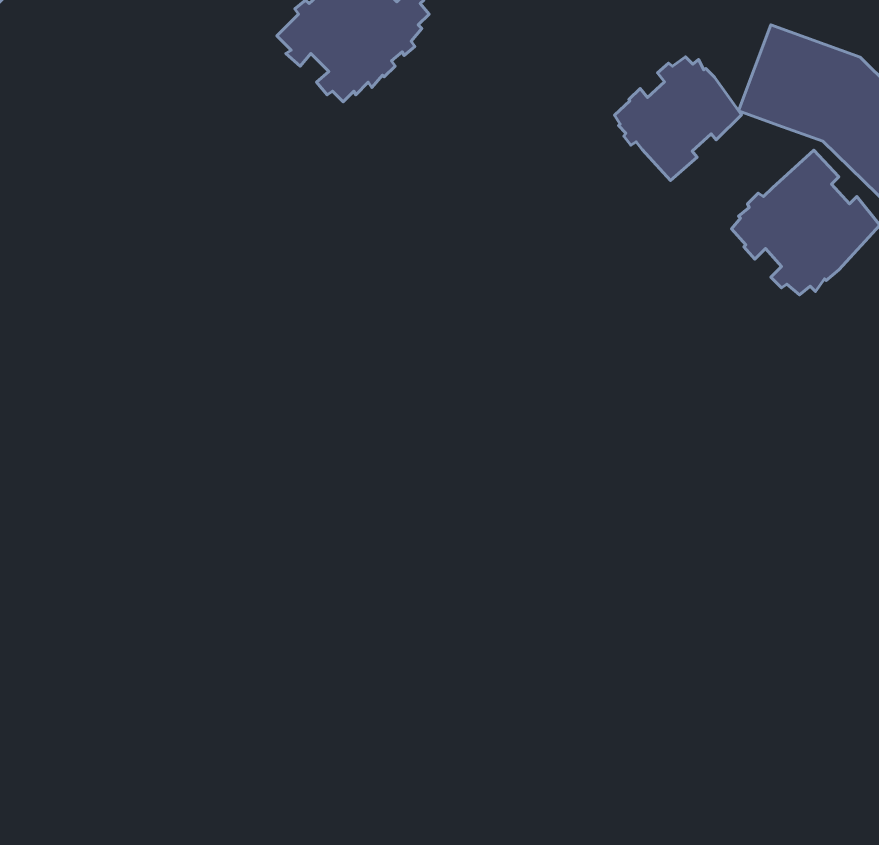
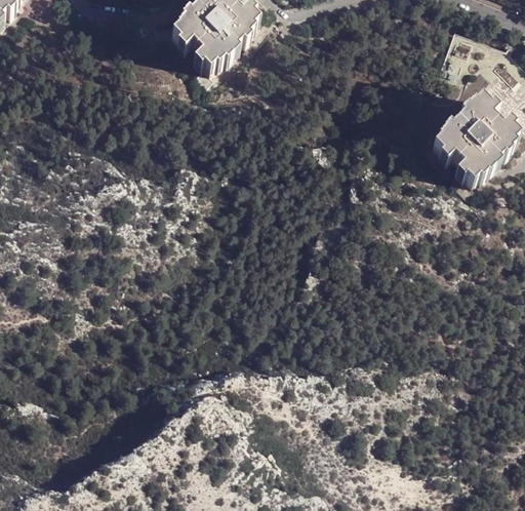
building: [615,57,741,181] -> none

